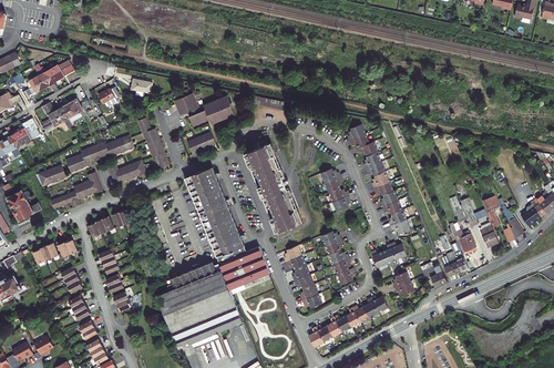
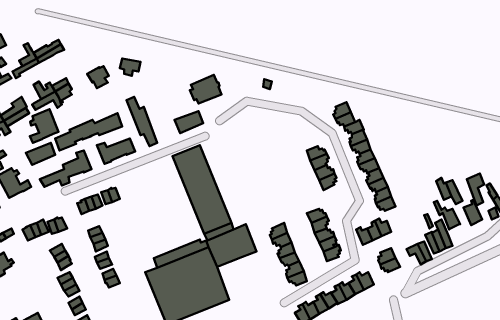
building: [173,93,206,126] -> none
building: none -> [30,109,58,143]
building: [244,143,301,232] -> none

